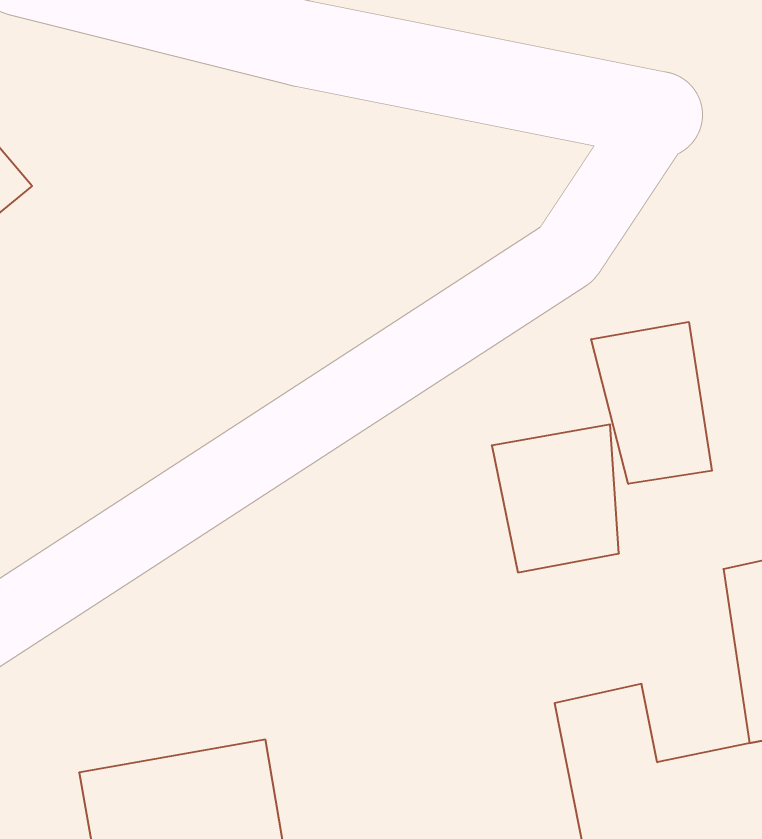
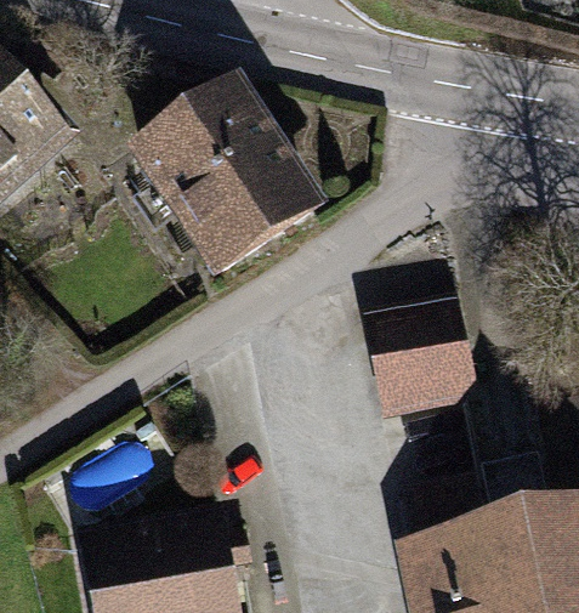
building: none -> [147,98,316,273]
building: [591,322,712,484] -> none

